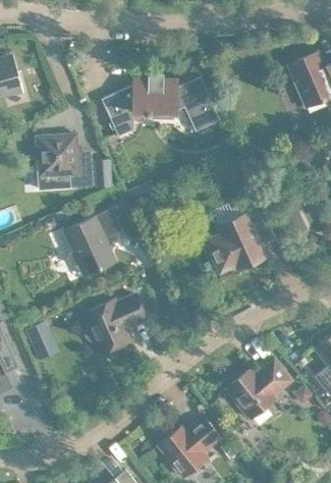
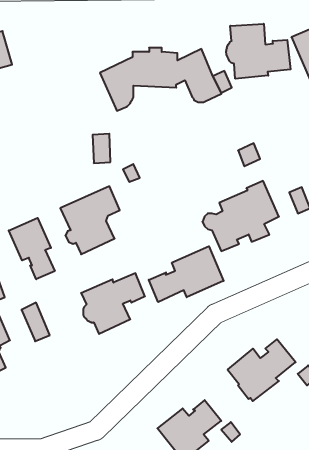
building: none -> [226,24,291,79]
building: [37,135,94,189] -> none
building: none -> [9,218,55,279]
building: none -> [149,246,224,302]

